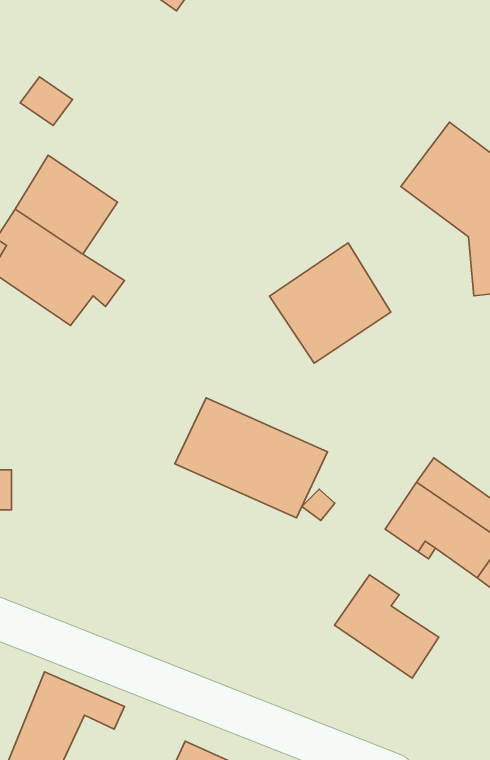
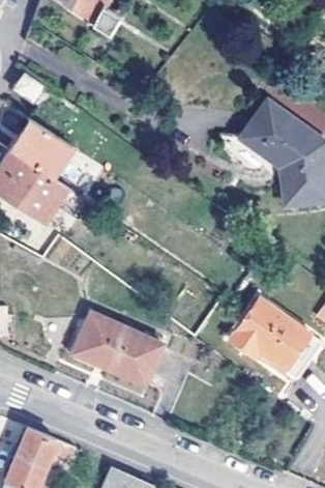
building: [269,243,391,363] -> none
building: [175,398,328,518] -> [72,312,164,383]
building: [335,575,439,678] -> none

